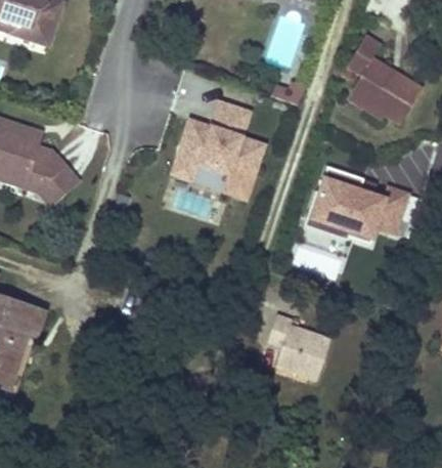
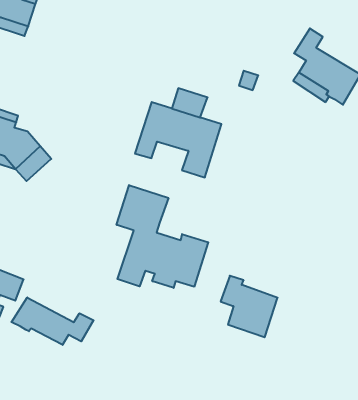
building: [301,165,405,240] -> none
building: none -> [117,185,208,288]
building: none -> [11,297,94,345]

